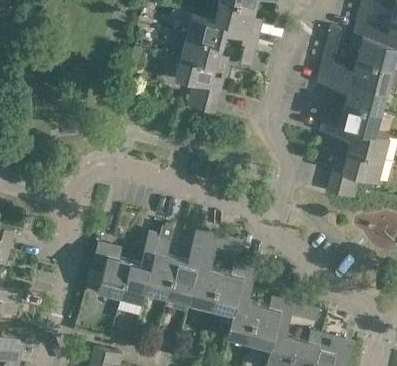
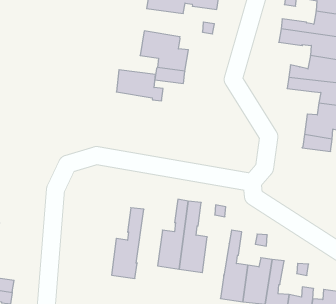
building: [181,35,228,71] -> [116,70,163,101]
building: [146,225,176,295] -> none
building: [89,244,129,299] -> none
building: [211,264,245,313] -> none

